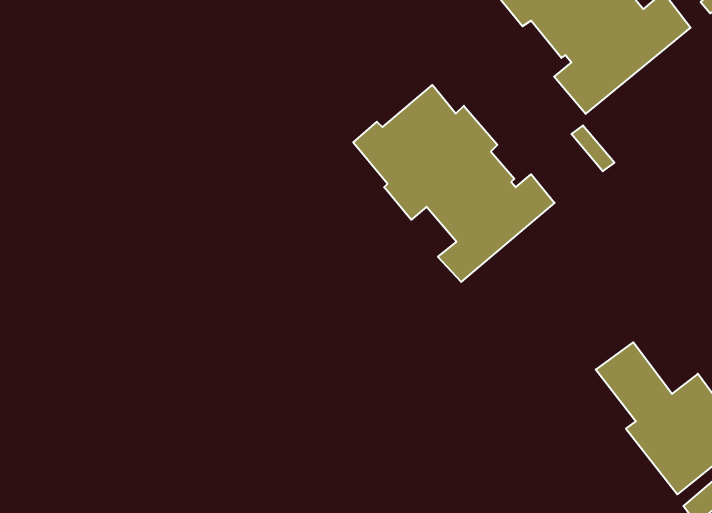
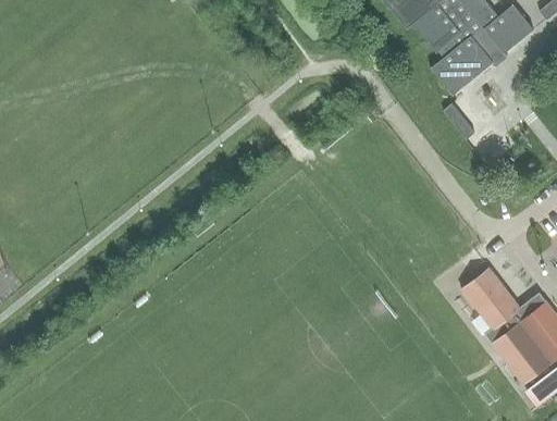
building: [353,85,555,282] -> none

